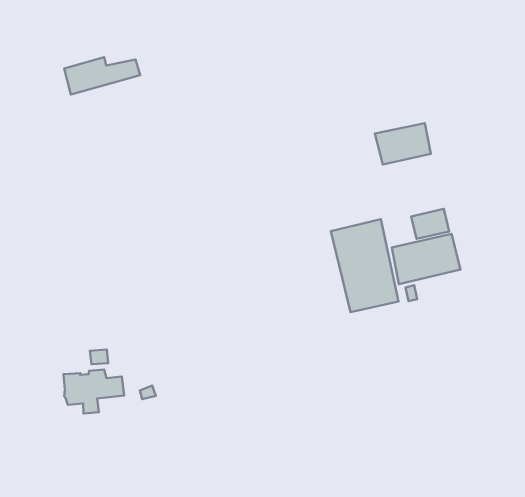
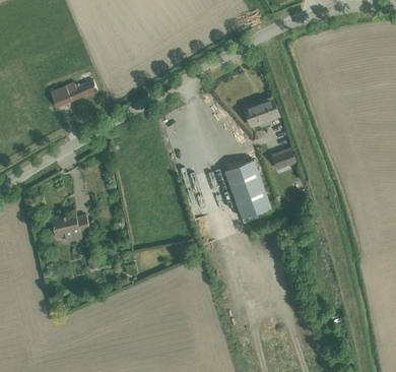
building: [392,234,461,284] -> none
building: [64,369,124,414] -> [51,212,89,241]

